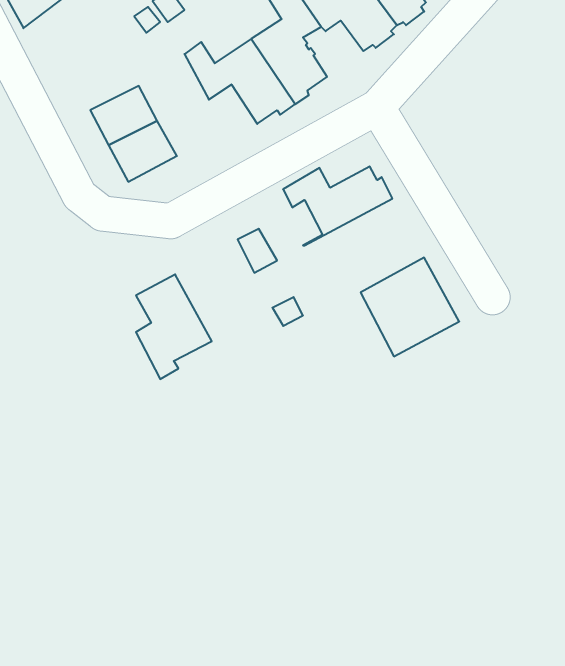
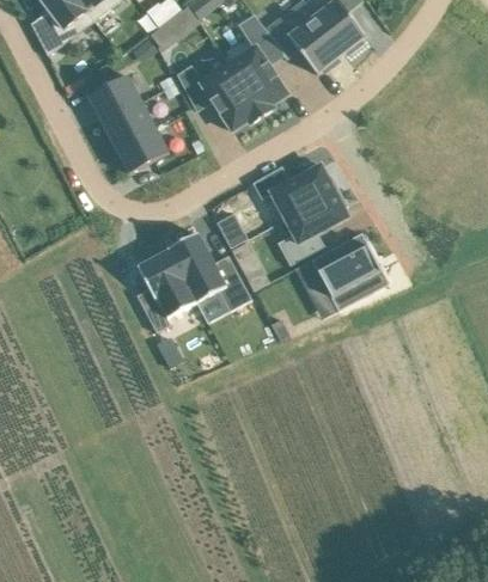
building: none -> [86,72,139,120]
building: none -> [269,189,348,264]
building: none -> [167,231,249,305]

